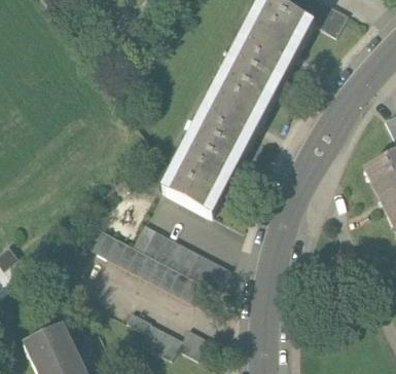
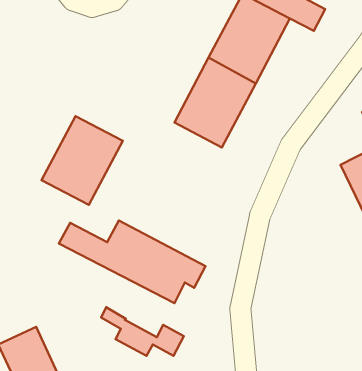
building: [165,125,246,214] -> [41,116,123,205]

